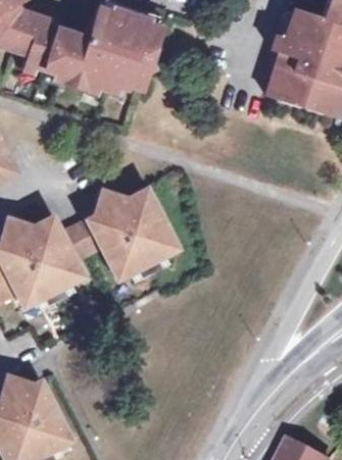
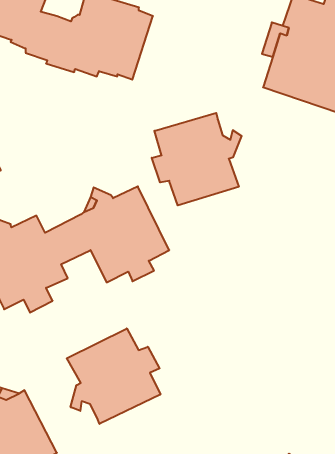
building: none -> [152,113,242,205]
building: none -> [67,328,160,424]

